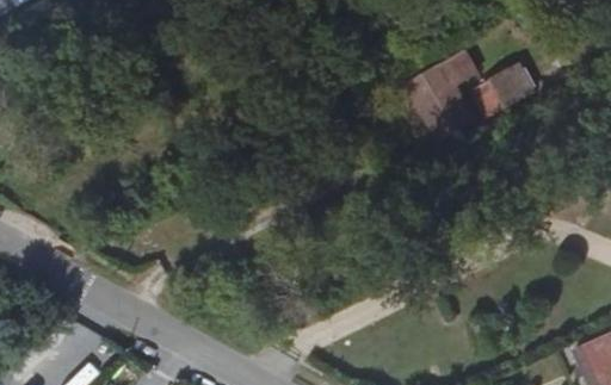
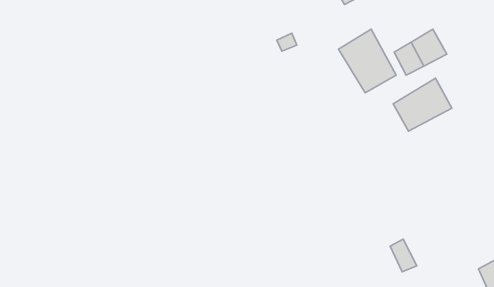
building: none -> [393,78,452,131]

